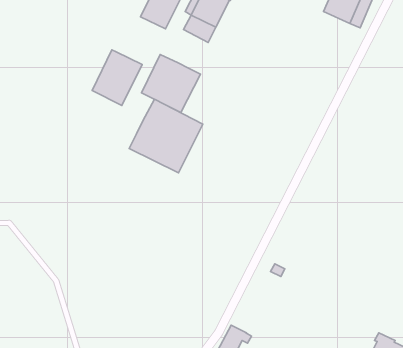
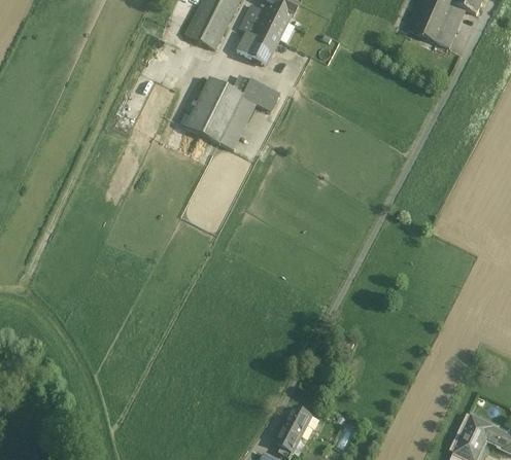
building: [92,50,142,105] -> none
building: none -> [230,73,278,109]
building: [129,99,203,173] -> none

